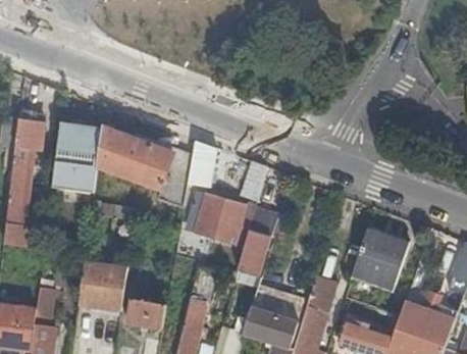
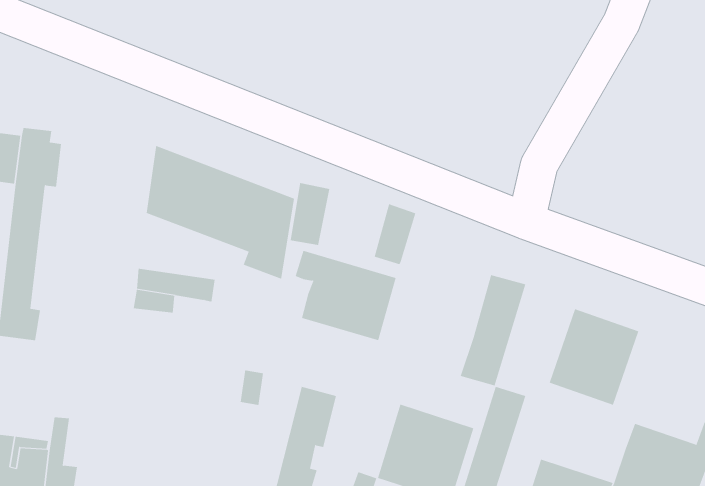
building: [52,118,103,194] -> none
building: [236,207,277,277] -> [460,275,526,386]
building: [79,261,127,311] -> none
building: [125,298,165,328] -> none

